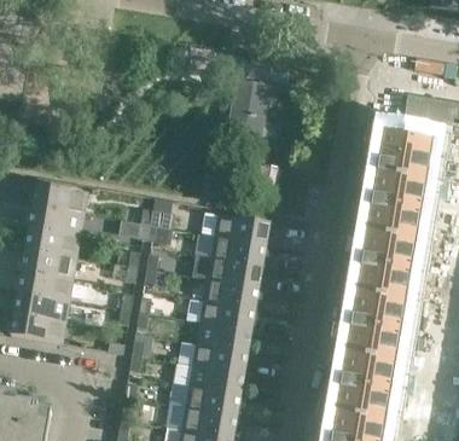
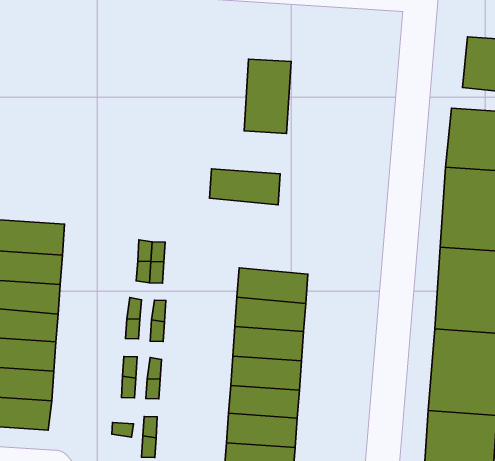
building: [213,213,267,244] -> [209,169,280,205]

